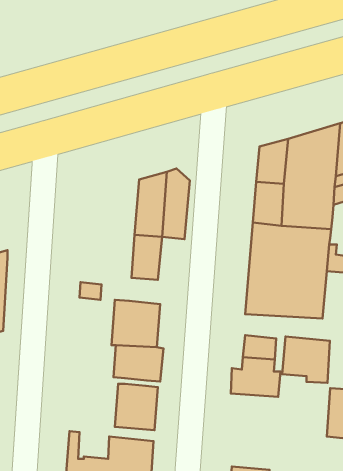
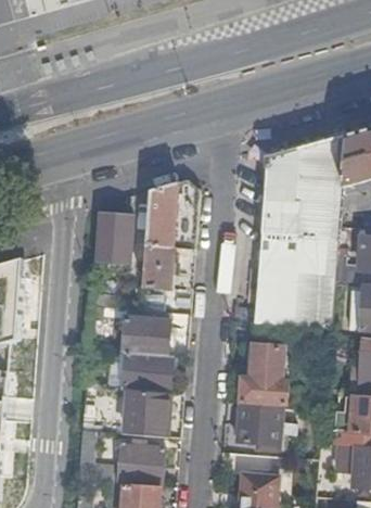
building: none -> [94,212,132,264]
building: [282,337,330,383] -> [235,404,282,449]

